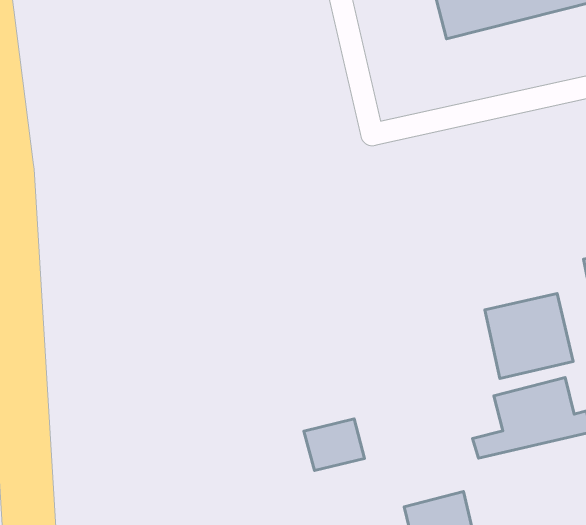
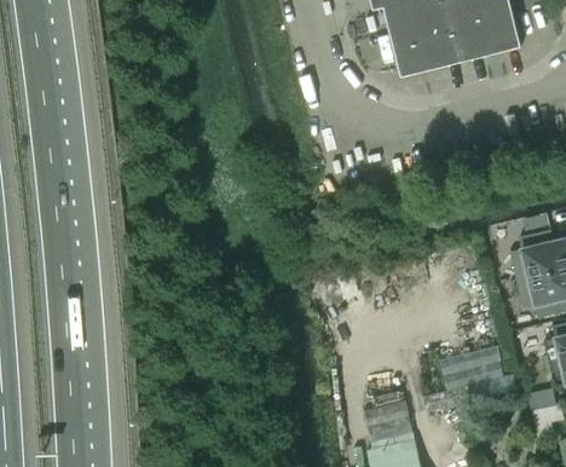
building: [485,294,573,378] -> none
building: [304,419,365,471] -> [364,398,412,439]

